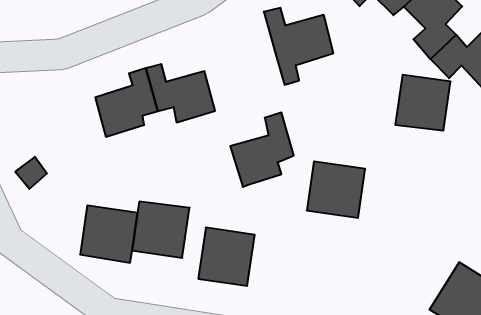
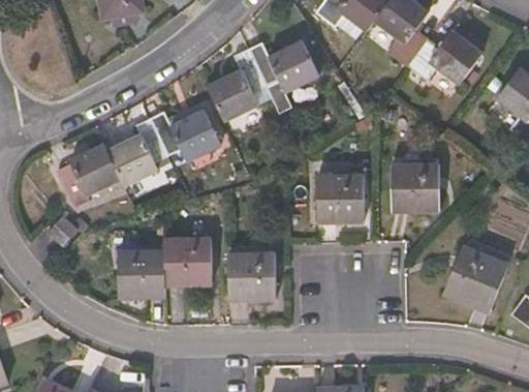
building: [395,75,451,131] -> [392,163,437,211]
building: none -> [58,144,121,207]
building: [230,113,294,187] -> [207,48,266,121]

